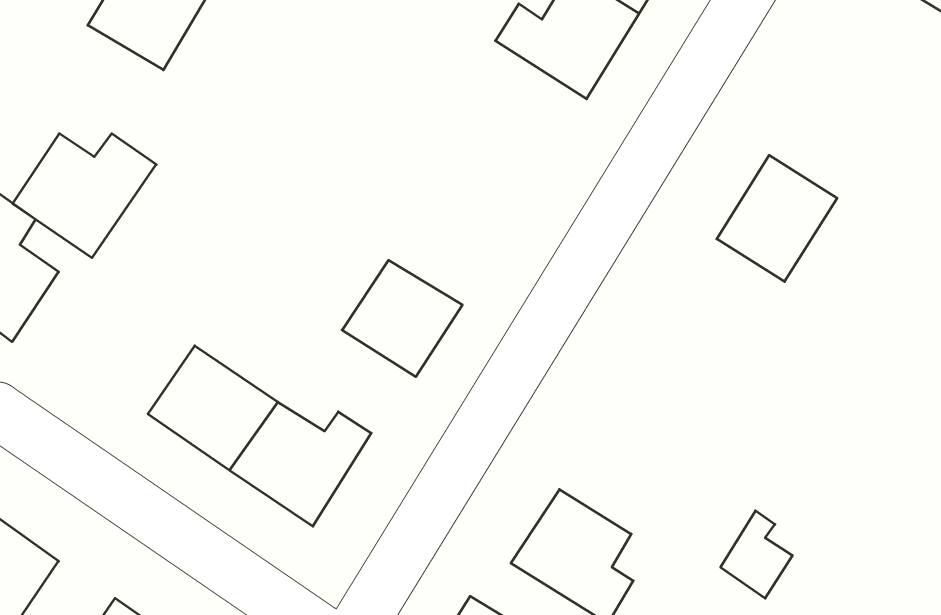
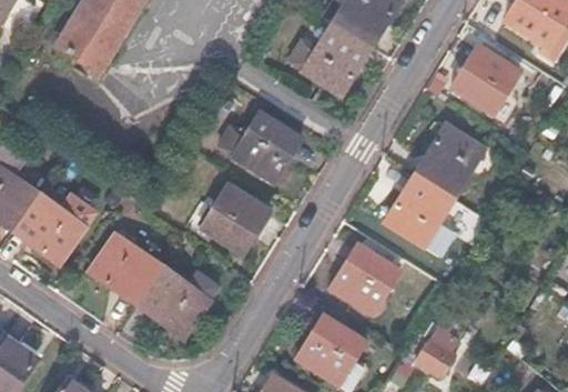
building: none -> [450,47,518,114]
building: none -> [217,111,298,179]
building: [13,134,156,258] -> [11,192,93,263]
building: none -> [384,173,454,255]
building: none -> [332,244,398,313]

